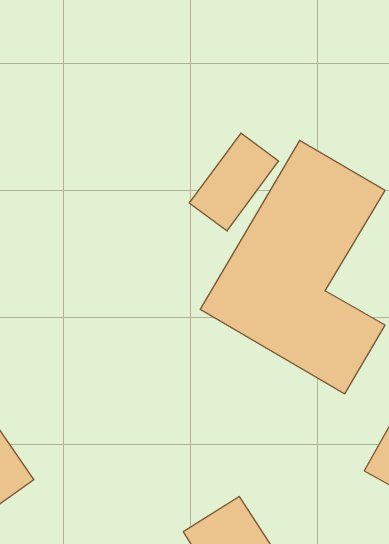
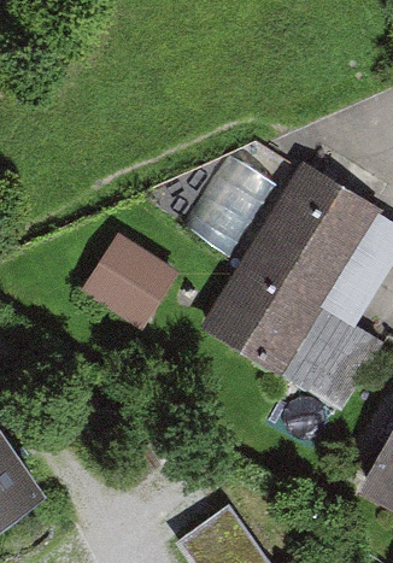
building: none -> [78,239,181,339]

